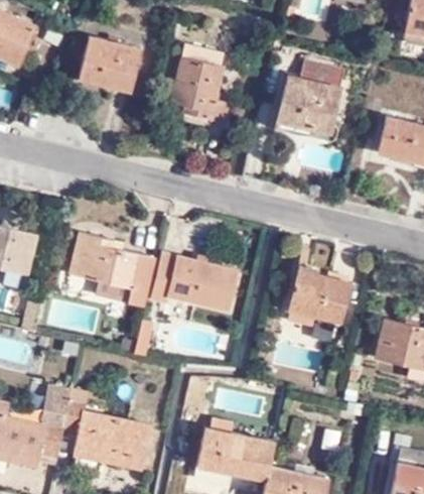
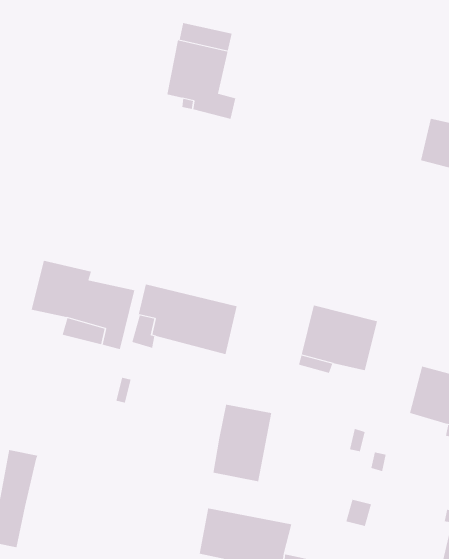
building: [84,32,146,88] -> none
building: [281,58,349,130] -> none
building: none -> [213,404,272,482]
building: [61,394,148,471] -> none

